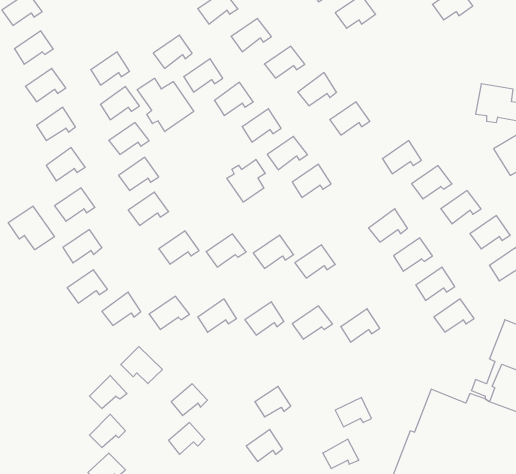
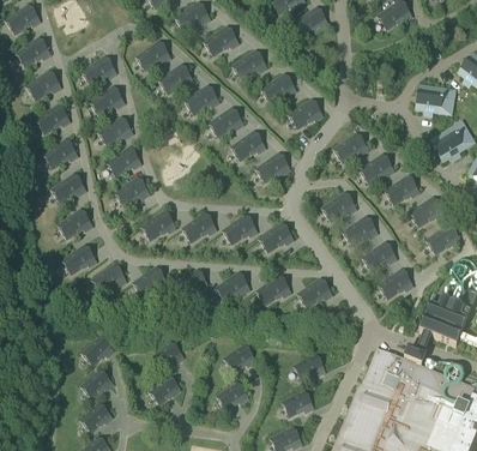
building: [137,78,194,132] -> none
building: [227,159,265,202] -> none
building: [8,206,54,250] -> none
building: [121,347,162,384] -> none

